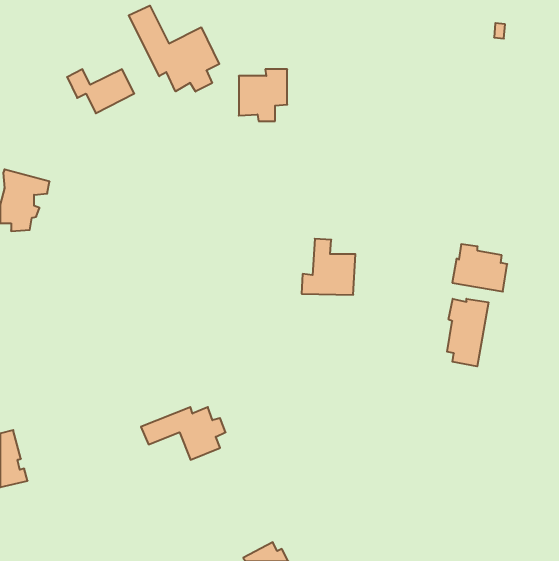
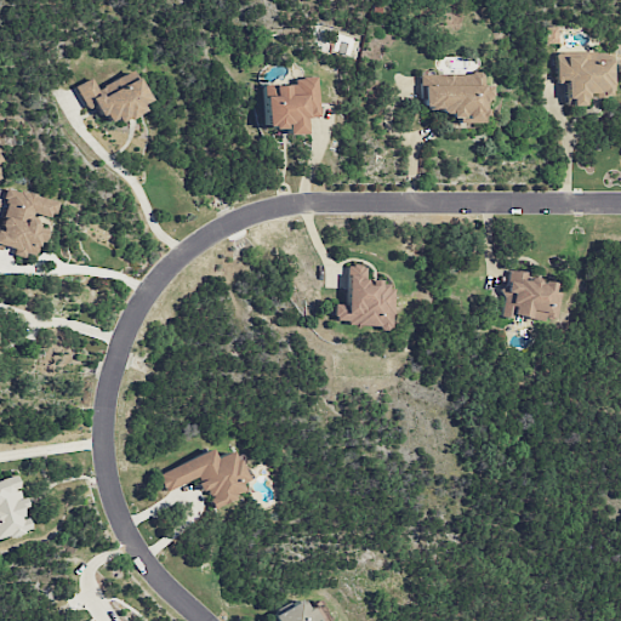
building: [129,6,219,92] -> none
building: none -> [558,53,610,104]
building: none -> [422,72,494,121]
building: [447,299,488,366] -> none

